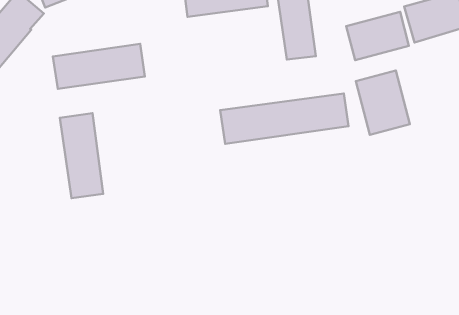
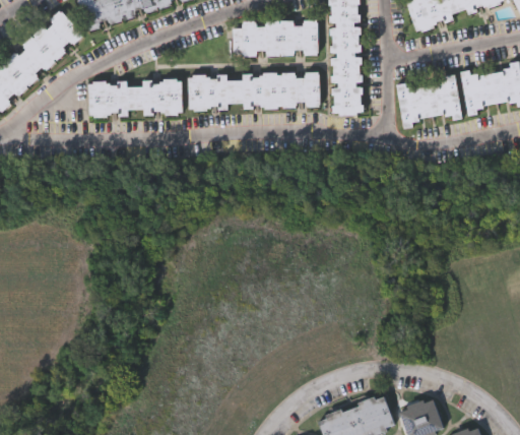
building: [356,71,410,135] -> none
building: [220,94,349,144] -> [188,72,320,110]
building: [60,113,103,198] -> none

